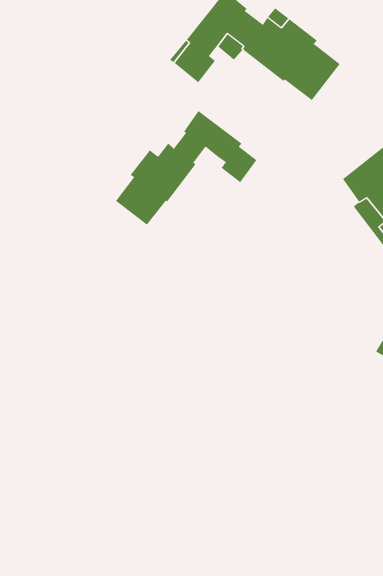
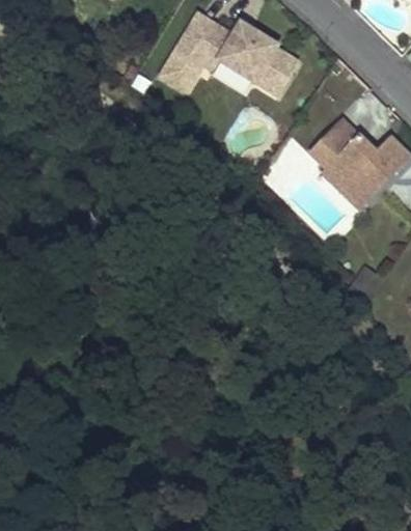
building: [115,110,257,225] -> none

